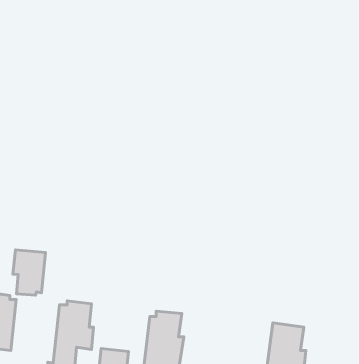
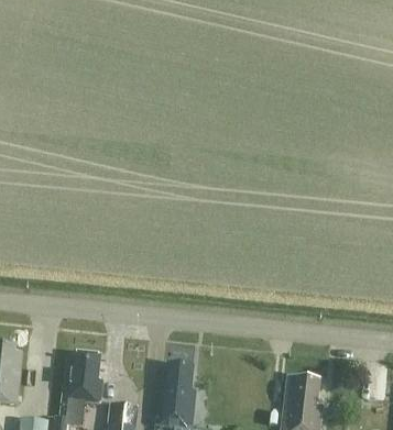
building: [13,250,46,295] -> none

